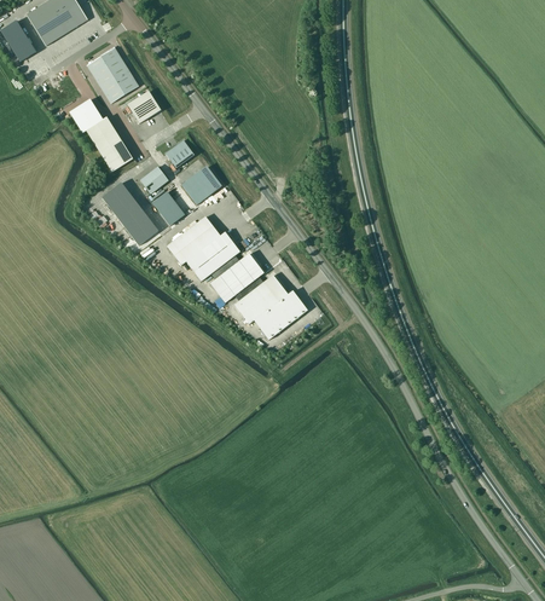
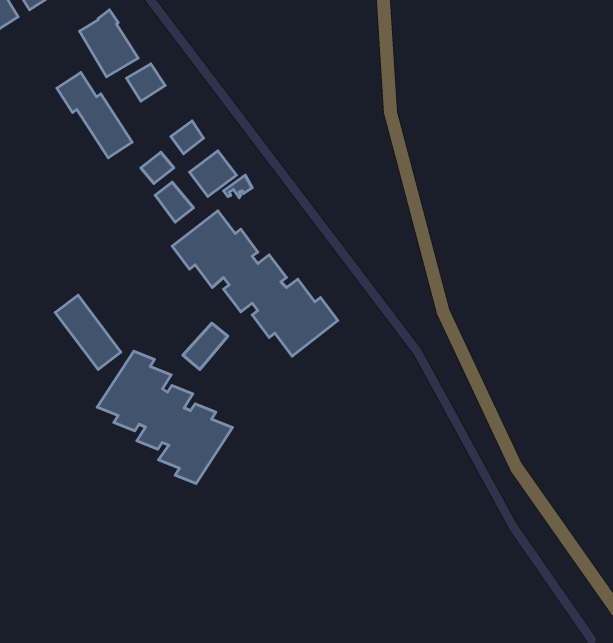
building: [103,180,158,243] -> [55,295,121,369]
building: none -> [183,323,228,370]
building: none -> [97,351,233,483]

